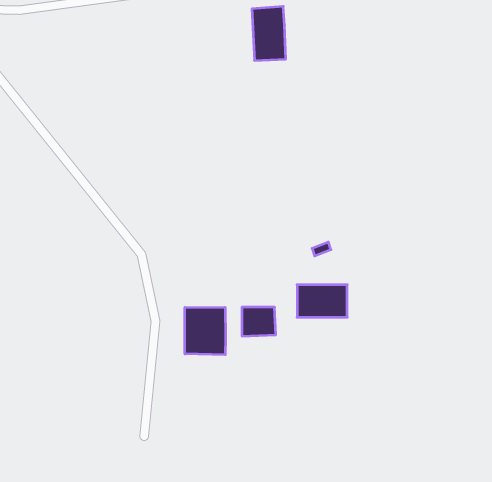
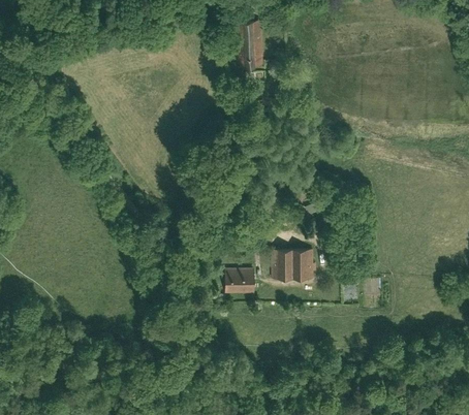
building: [185,307,226,355] -> none

